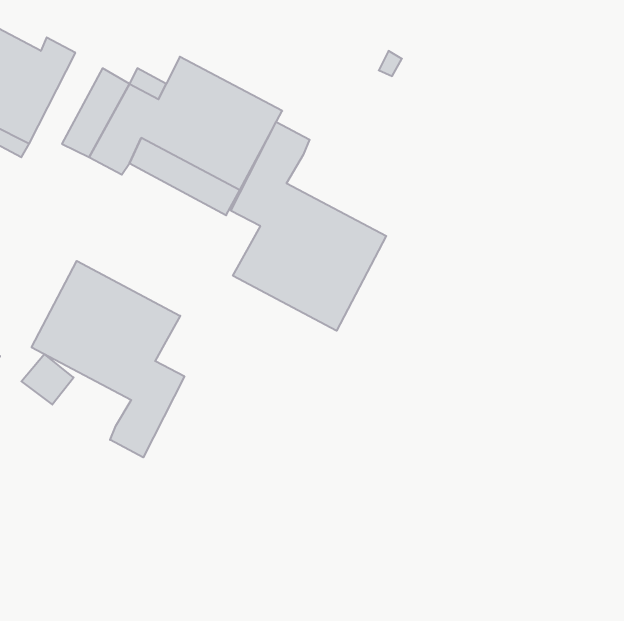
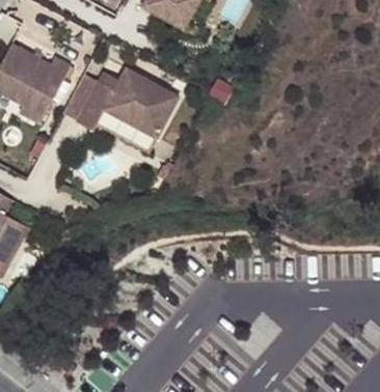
building: [231,122,386,331] -> none
building: [32,261,184,457] -> none

